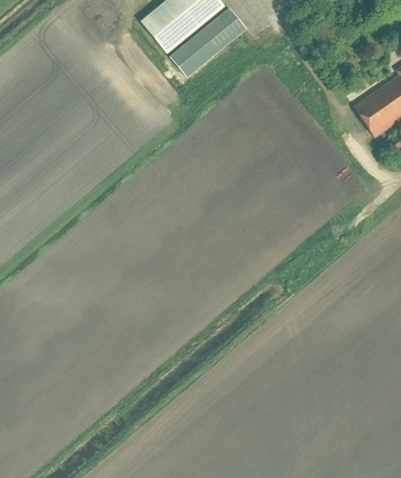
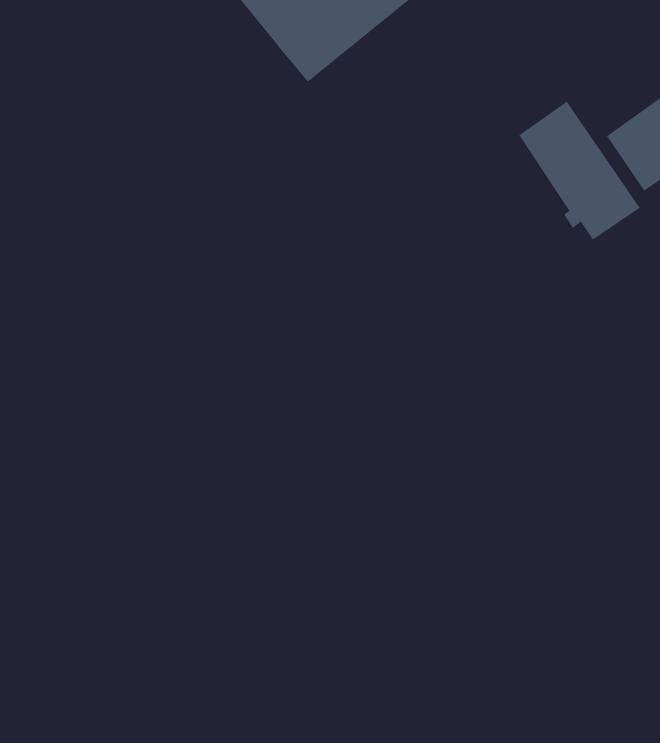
building: none -> [518,101,641,240]

